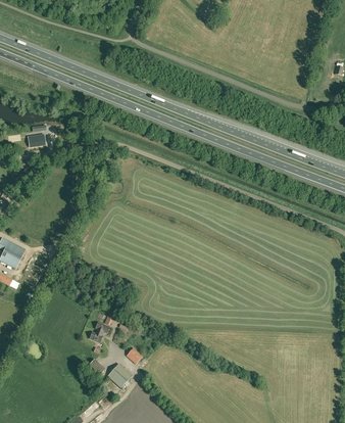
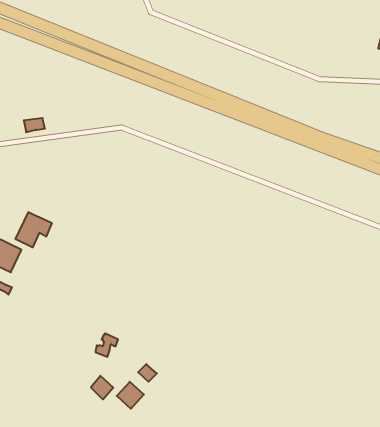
building: none -> [16,212,52,247]

